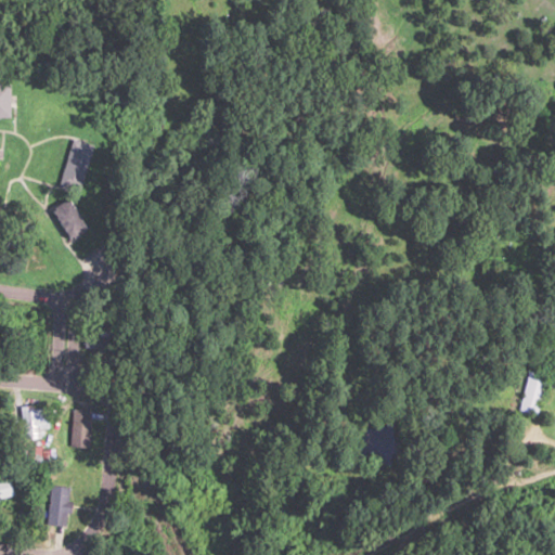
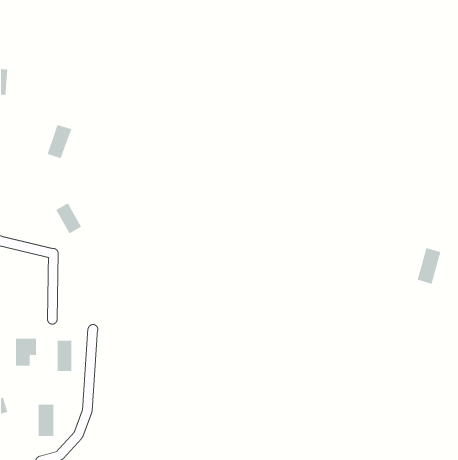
building: [51,198,82,236] -> [56,203,82,234]
building: [519,372,548,416] -> [417,247,441,284]

